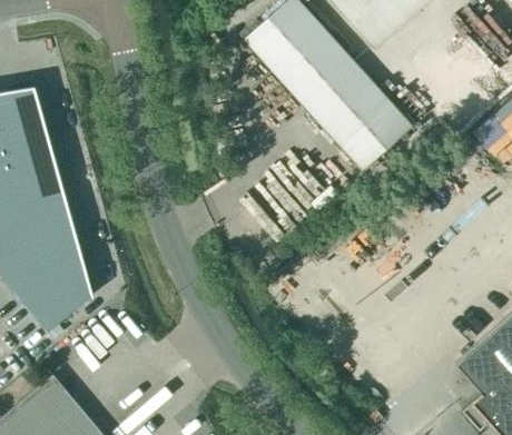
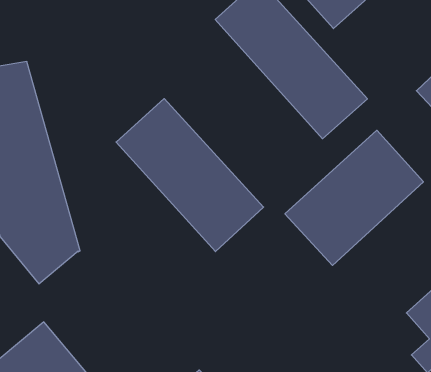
building: none -> [116,99,264,252]
building: none -> [285,130,423,265]

